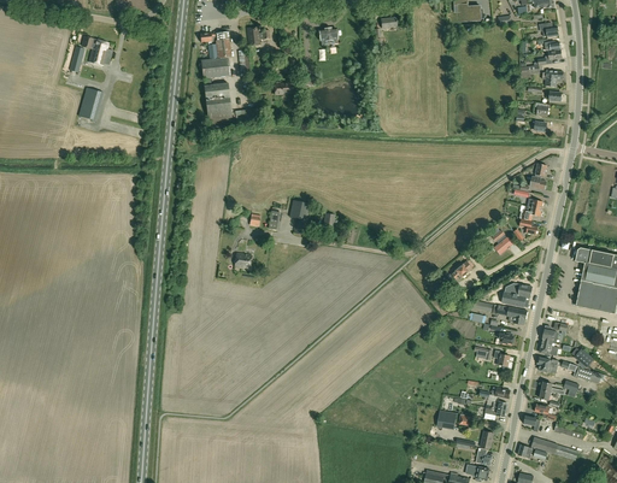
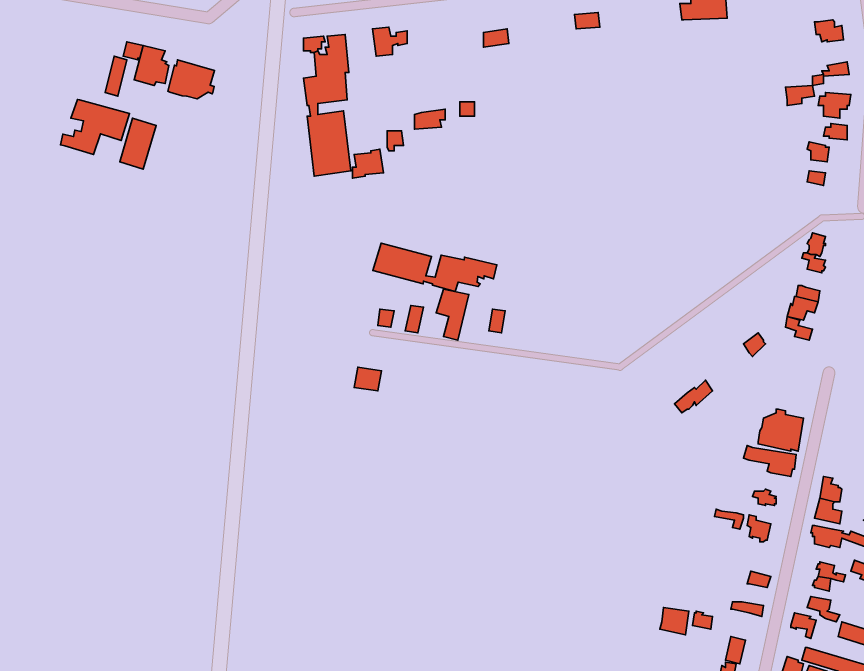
building: none -> [168,60,214,99]
building: none -> [60,99,129,155]
building: none -> [373,243,497,292]

